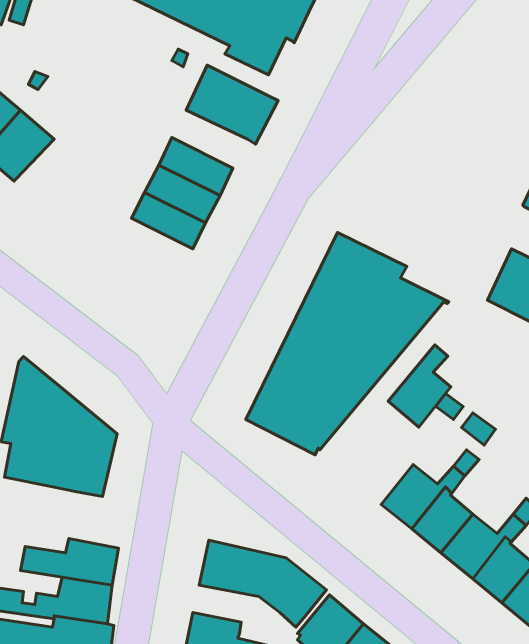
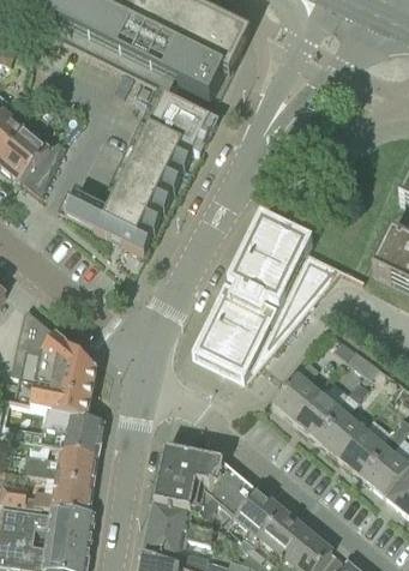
building: none -> [137,126,193,169]
building: none -> [20,138,65,193]
building: none -> [64,191,152,251]
building: [388,345,451,427] -> [270,359,317,420]
building: none -> [41,407,103,452]
building: none -> [152,480,217,515]

